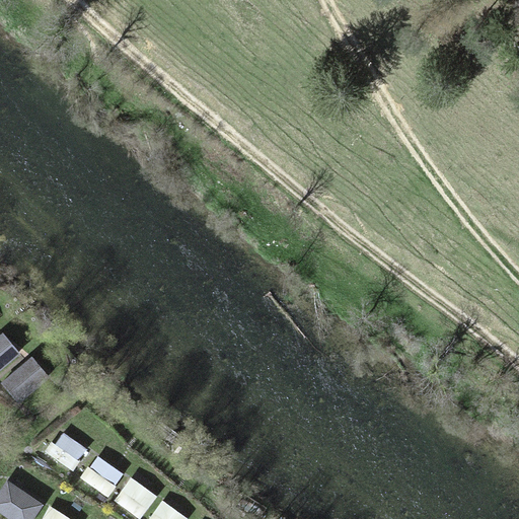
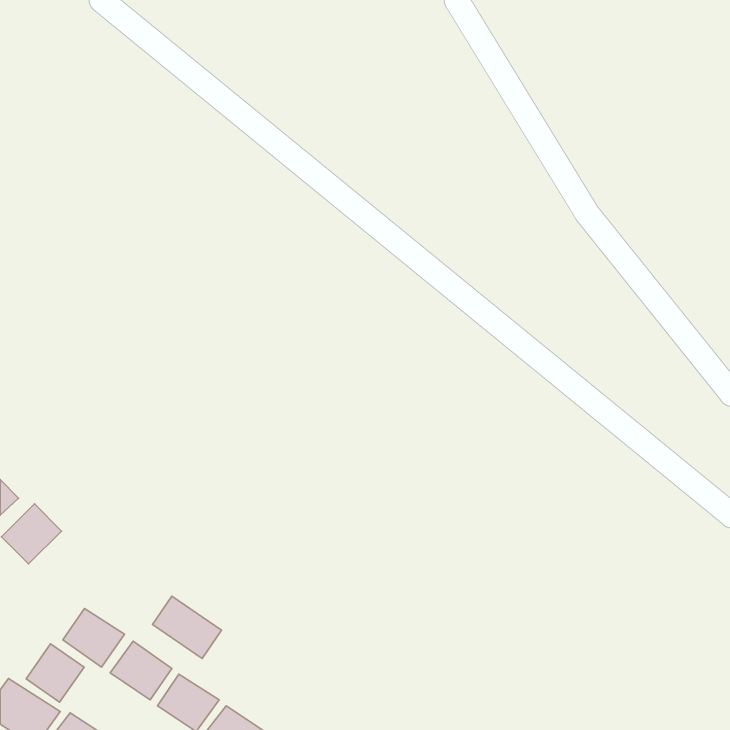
building: none -> [152,596,222,659]
building: none -> [26,644,84,702]

